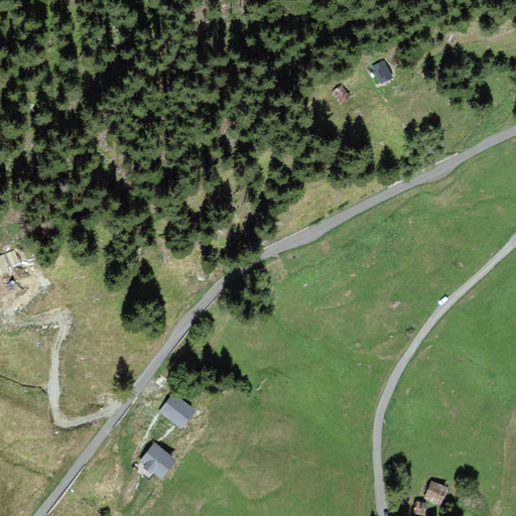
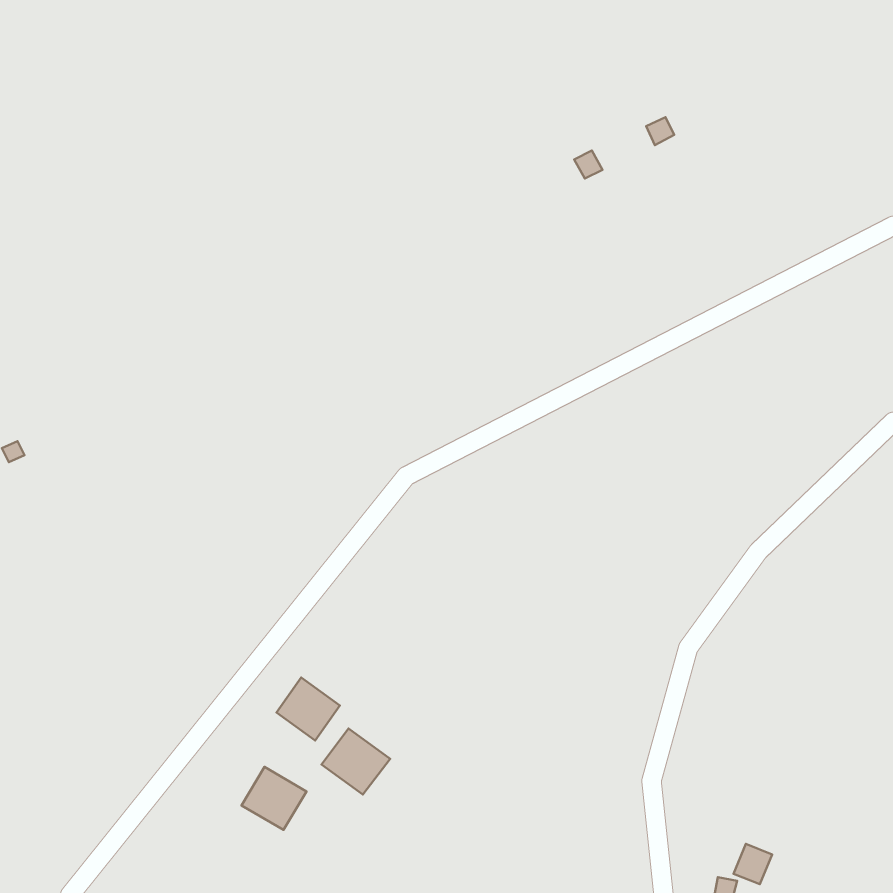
building: none -> [321,729,390,795]

